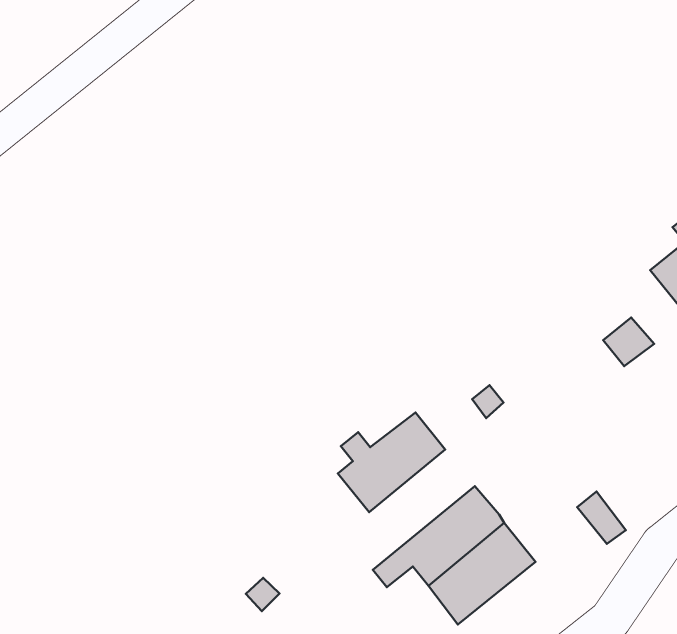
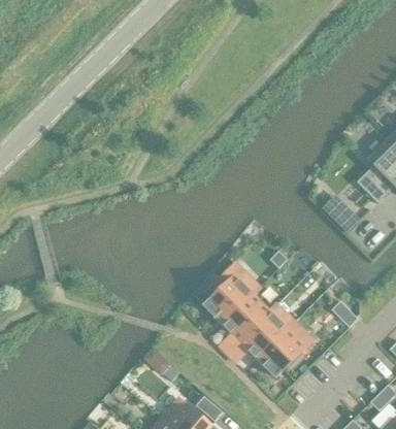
building: none -> [220,288,276,355]

